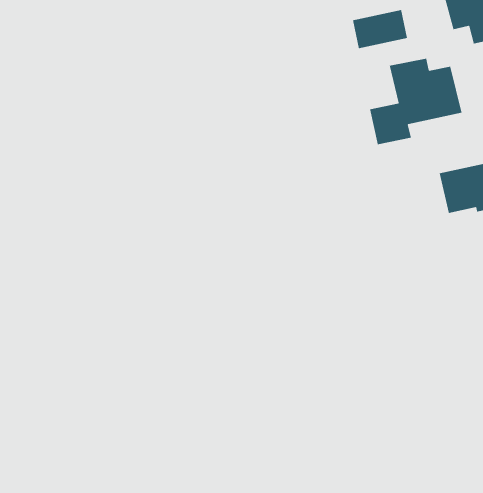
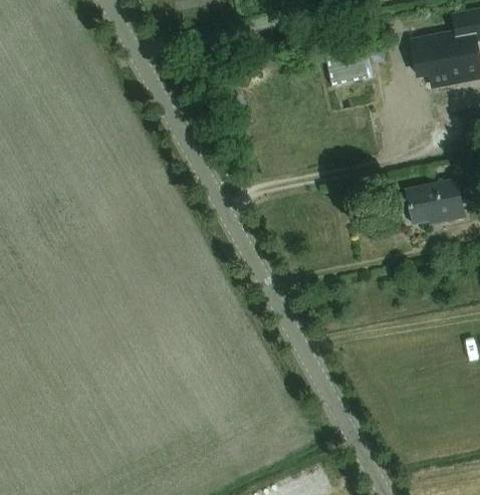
building: [370,58,462,145] -> none

